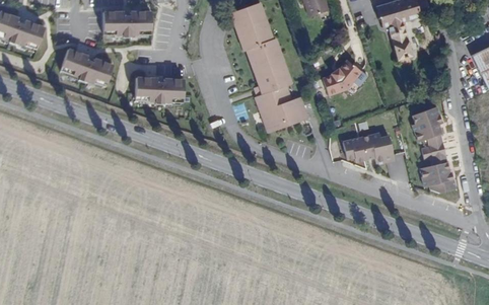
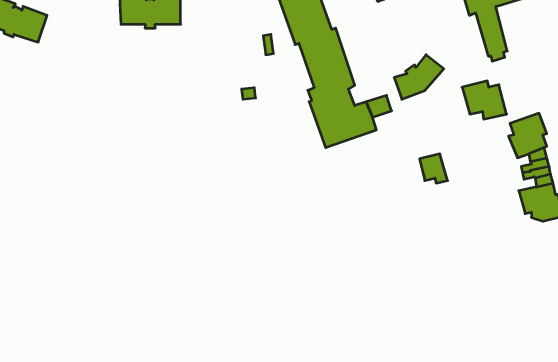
building: [62,49,115,86] -> none
building: [136,77,186,103] -> none
building: [359,133,395,163] -> [462,81,507,119]

